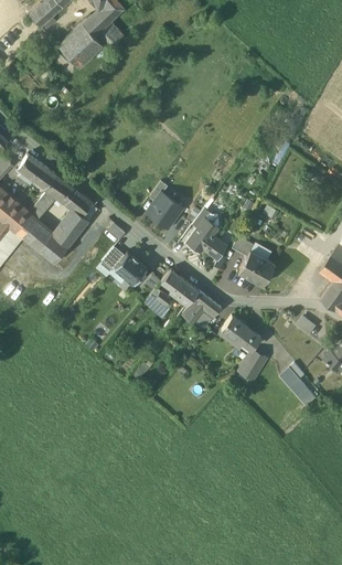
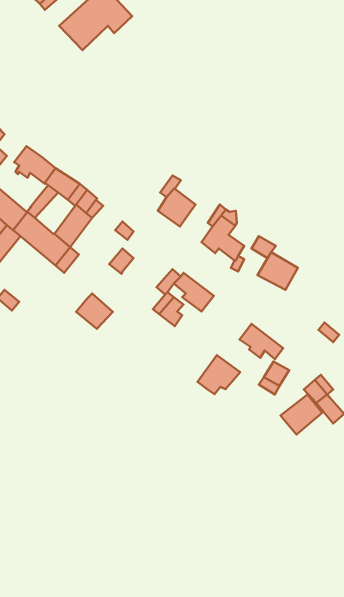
building: [115,252,148,284] -> [76,294,113,329]
building: [182,291,221,327] -> [197,355,240,394]
building: none -> [281,395,322,435]

